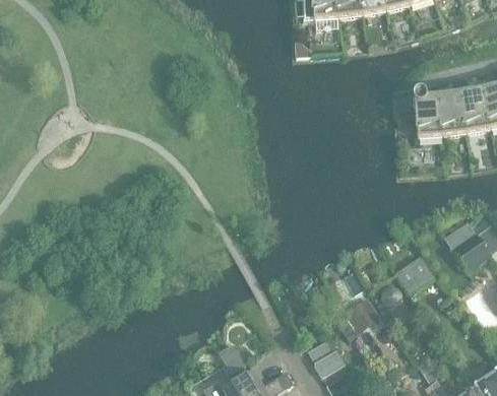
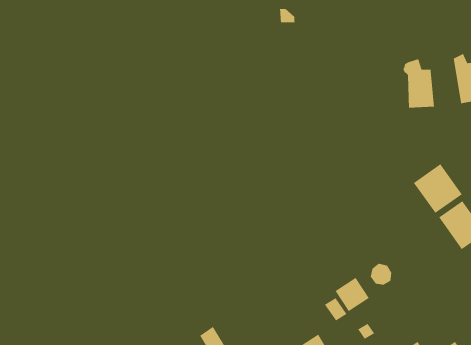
building: [438,85,467,134] -> none
building: none -> [413,163,463,214]
building: [395,256,431,290] -> none

